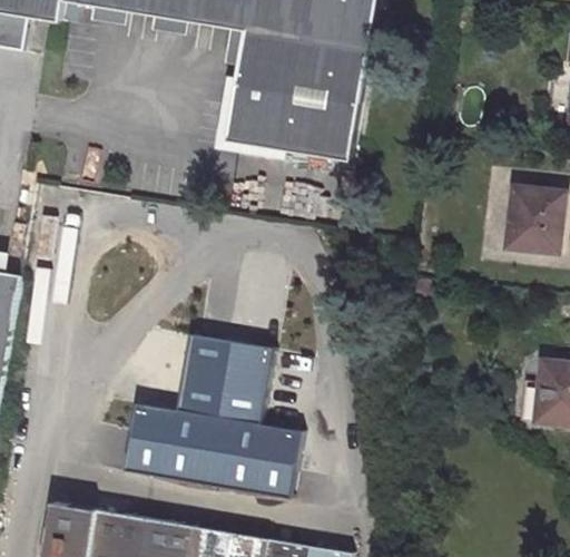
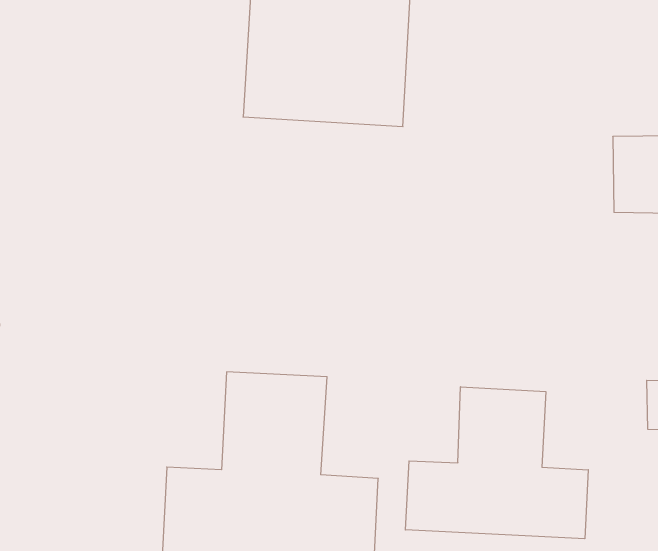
building: none -> [405,387,588,539]

